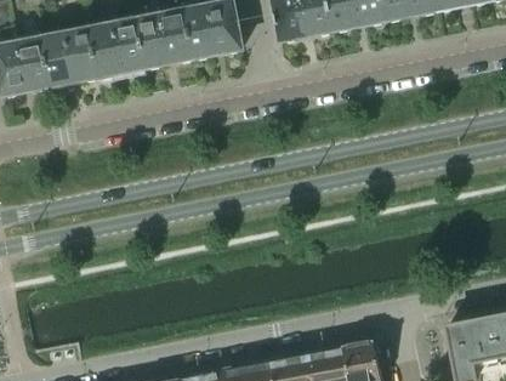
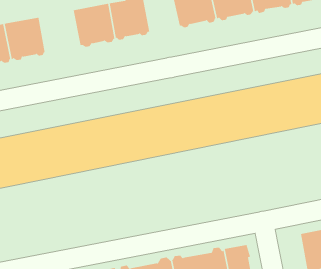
building: [89,18,144,79] -> none

